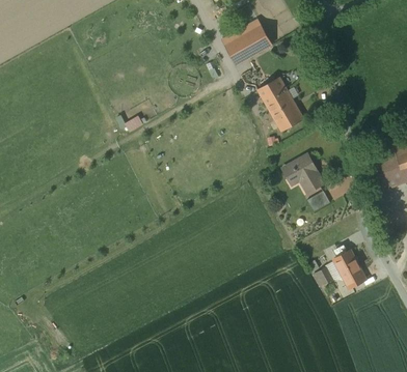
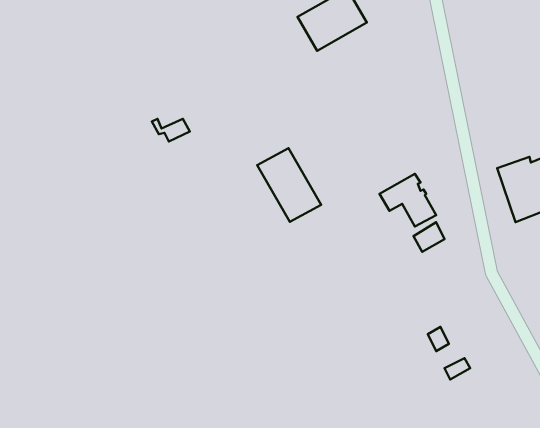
building: [257,77,304,131] -> [257,148,321,222]
building: [334,250,367,288] -> none

